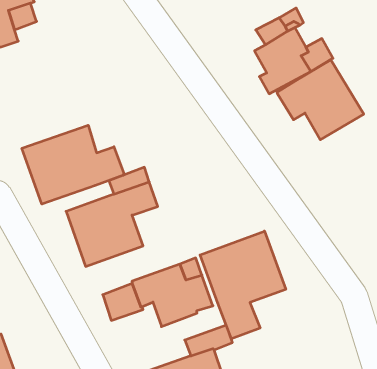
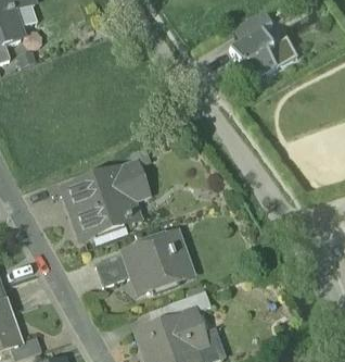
building: [277,60,364,140] -> none
building: [22,125,124,204] -> none
building: [200,231,286,339] -> none

